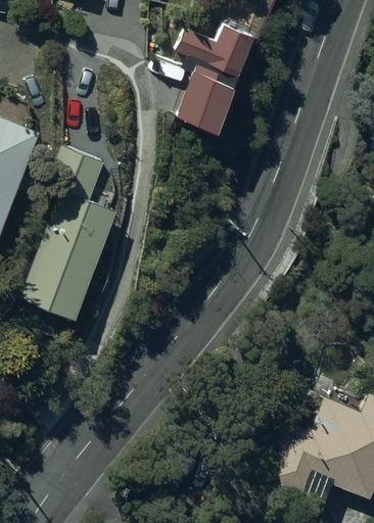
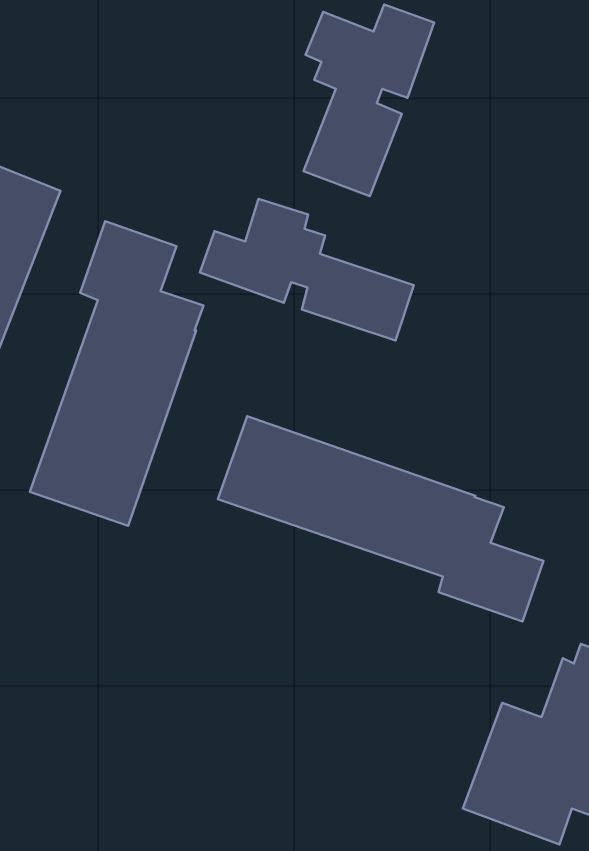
building: none -> [200,199,414,341]
building: none -> [218,416,543,621]

